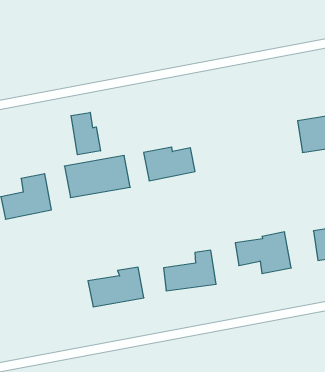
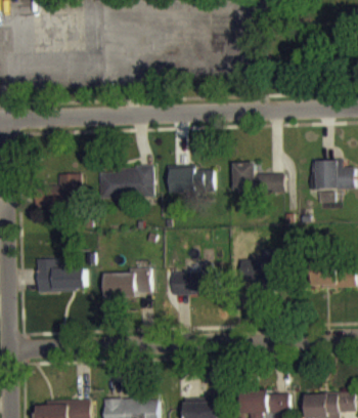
building: [71,112,100,155] -> none
building: none -> [232,163,282,193]
building: none -> [35,259,85,291]

